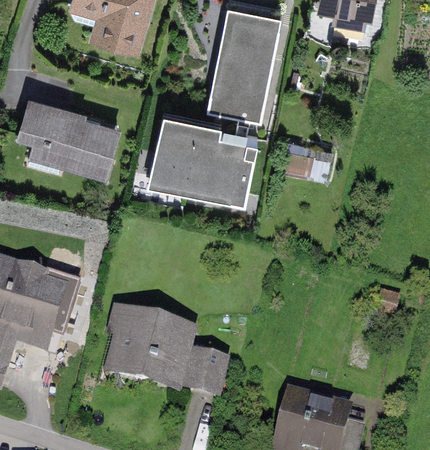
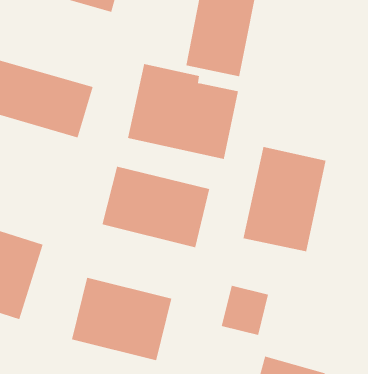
building: none -> [243,146,326,252]
building: none -> [102,166,210,248]
building: [187,347,234,396] -> [221,285,269,335]

